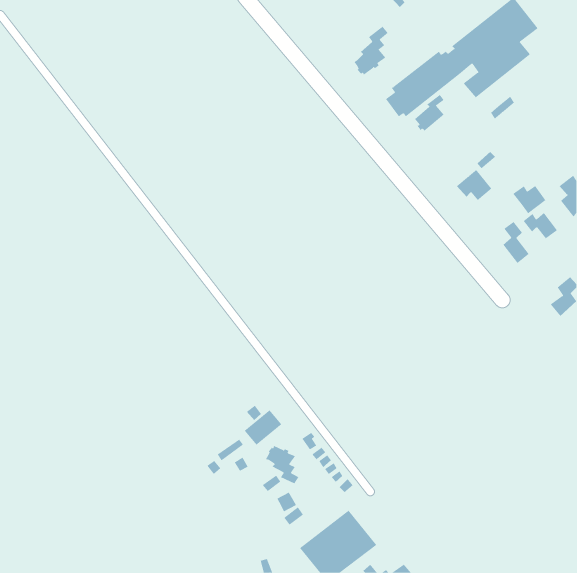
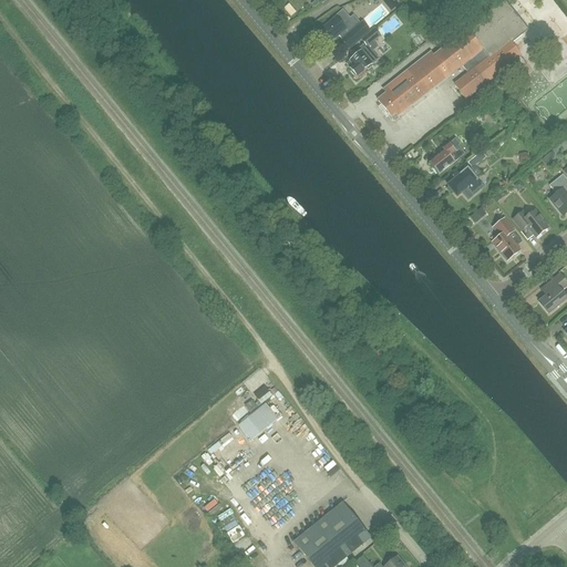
building: none -> [322,8,370,45]
building: [414,94,445,131] -> [430,135,460,172]
building: [512,185,546,214] -> none
building: [265,445,299,484] -> none

